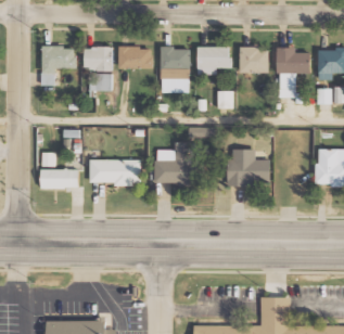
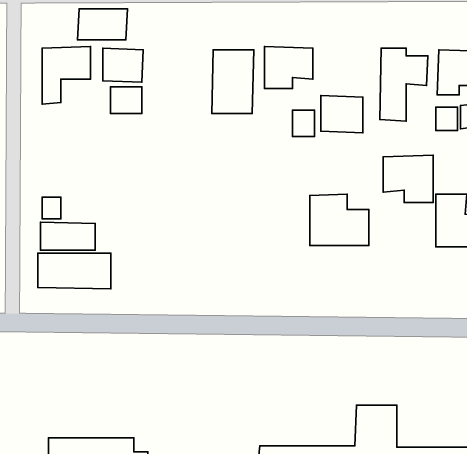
building: [117,48,152,69] -> [78,9,127,40]
building: [239,48,268,74] -> [321,96,363,133]
building: none -> [383,155,433,203]
building: [154,143,199,184] -> none
building: [89,160,140,185] -> [38,253,111,289]

